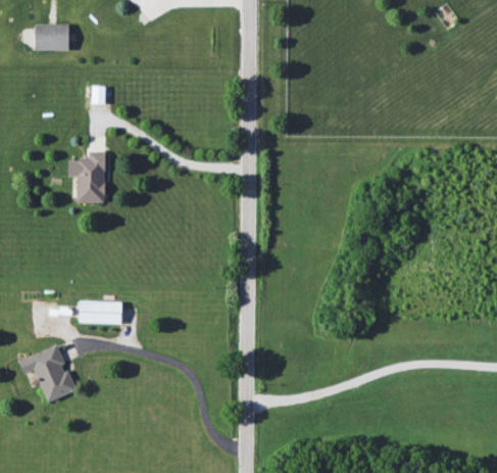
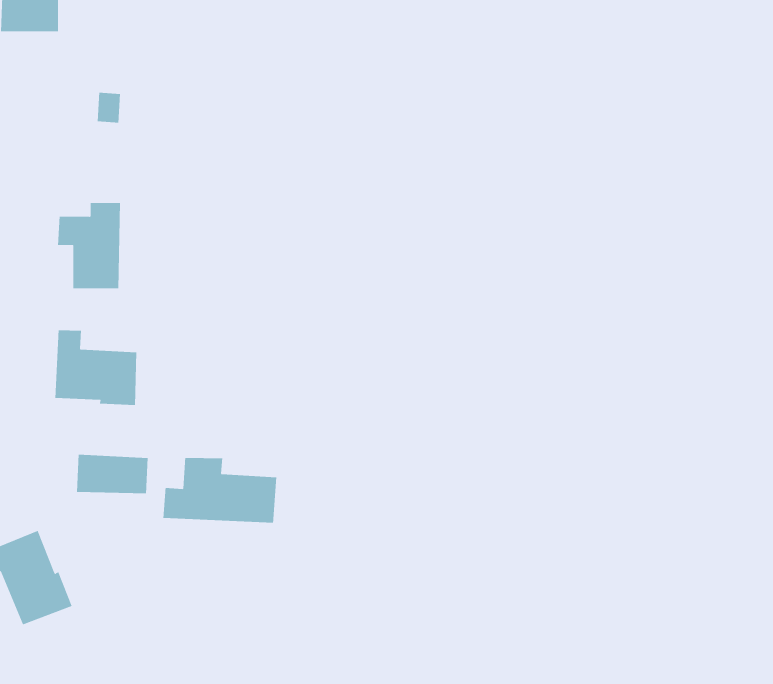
building: none -> [55,329,137,406]
building: none -> [163,457,277,523]

